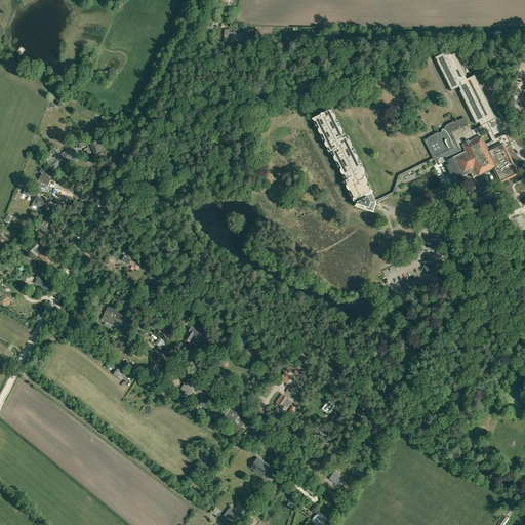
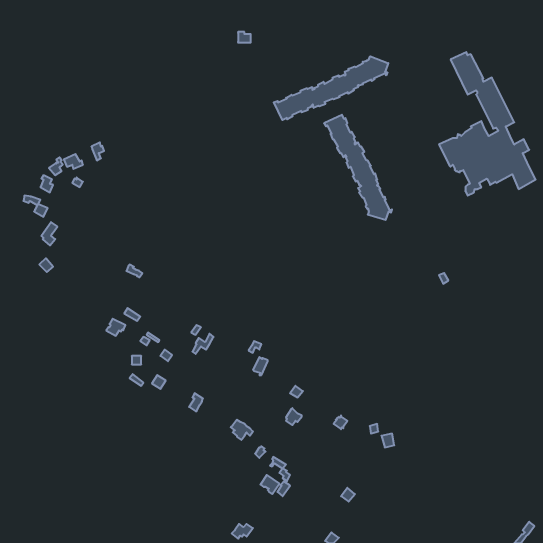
building: none -> [274,56,388,120]

